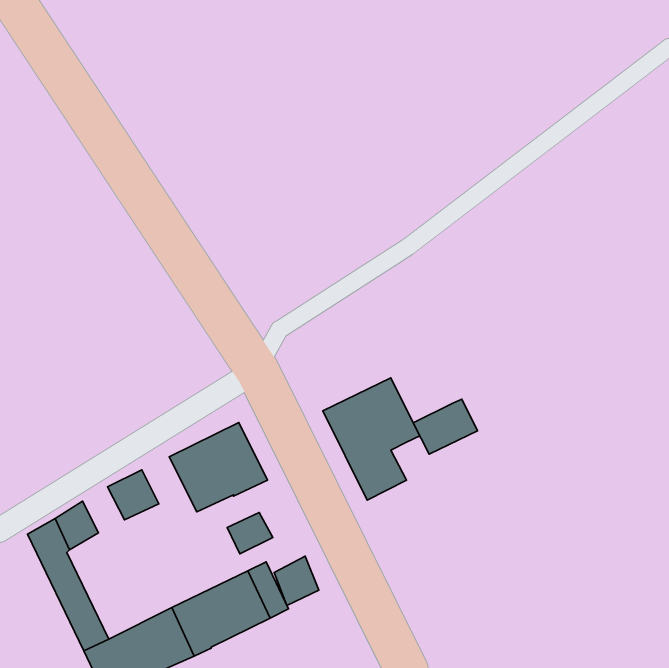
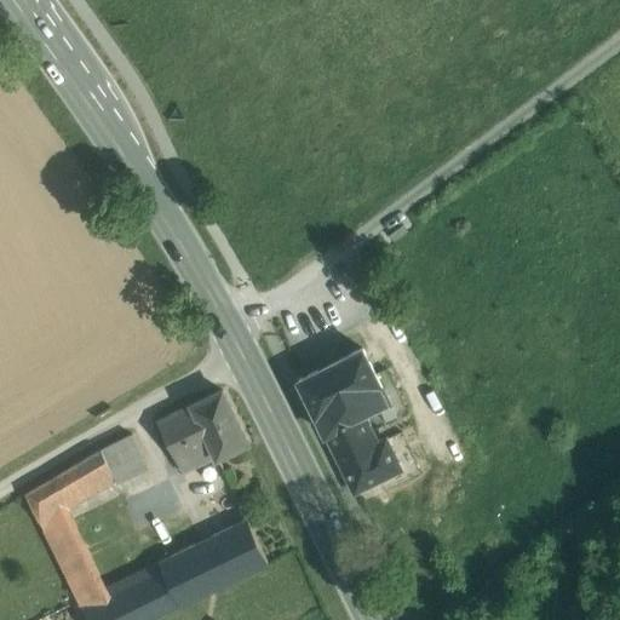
building: [413,399,478,454] -> [339,442,398,493]
building: none -> [76,452,115,494]
building: [227,512,273,554] -> none
building: [274,556,319,605] -> none

